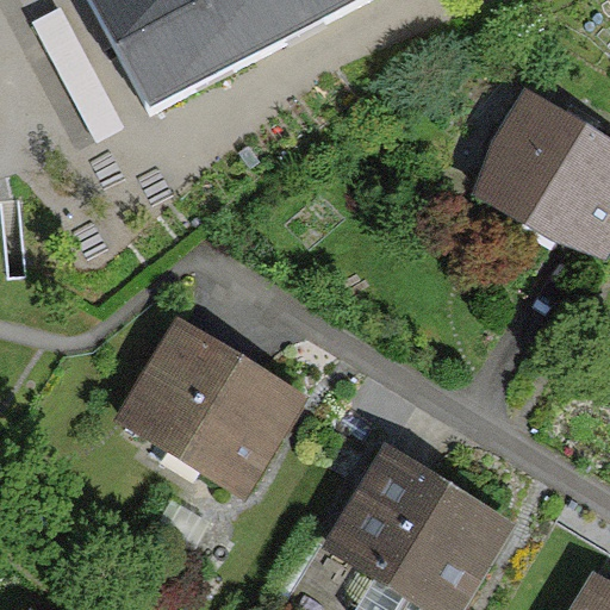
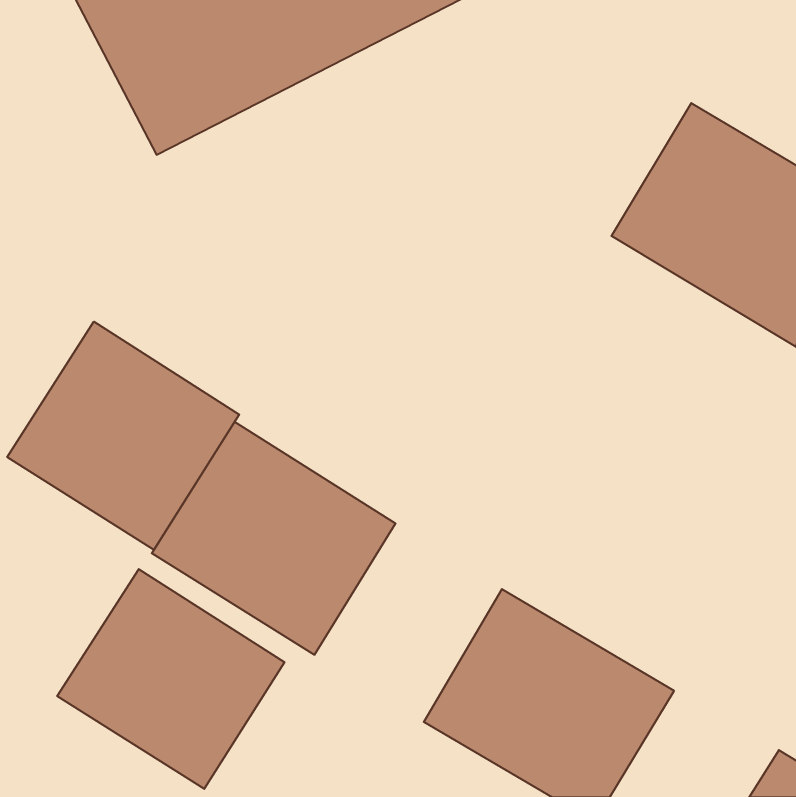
building: none -> [7,322,239,550]
building: none -> [57,569,284,789]

